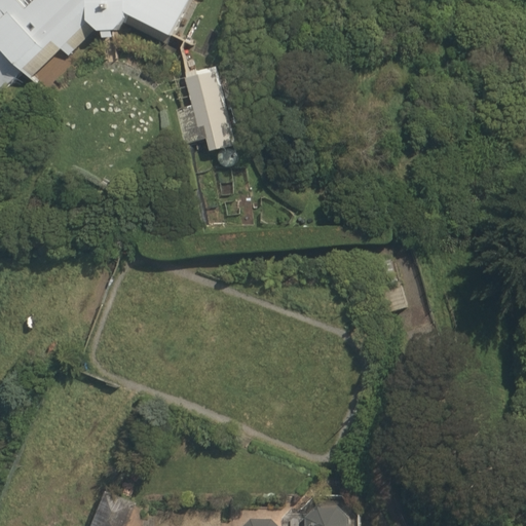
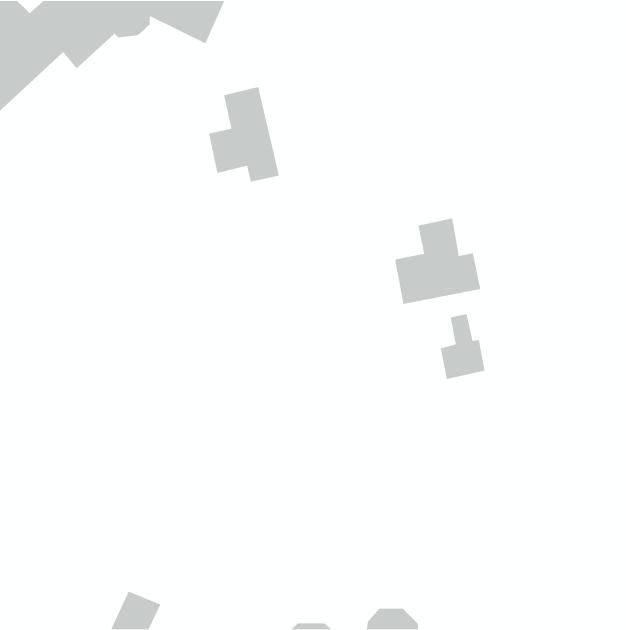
building: none -> [394,217,481,305]

